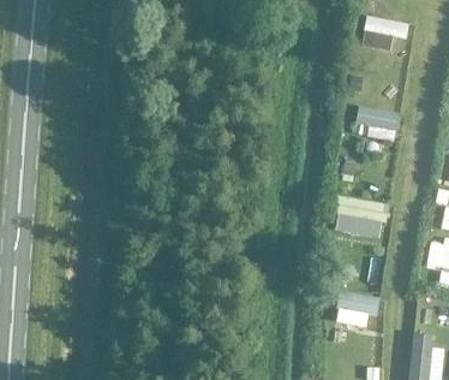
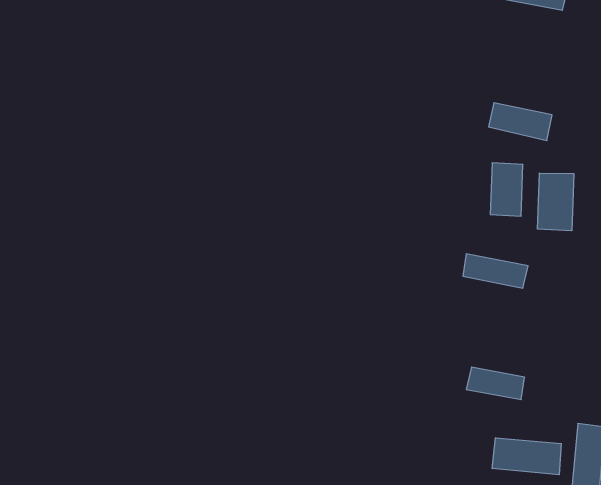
building: none -> [538,173,574,231]
building: none -> [492,438,561,475]

